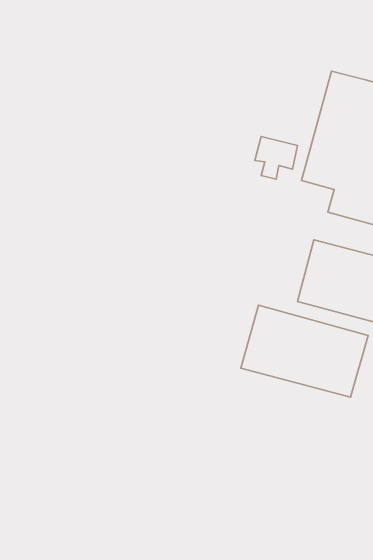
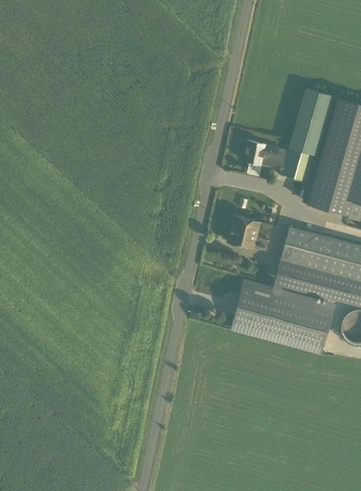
building: none -> [229,215,274,251]

